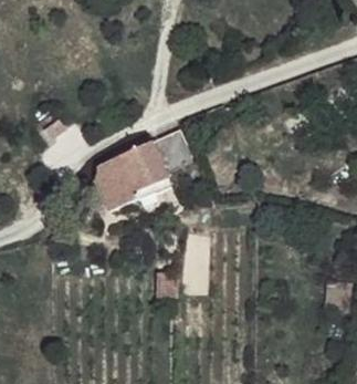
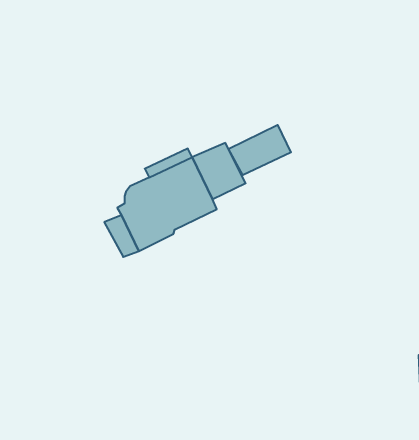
building: none -> [228,125,291,175]

